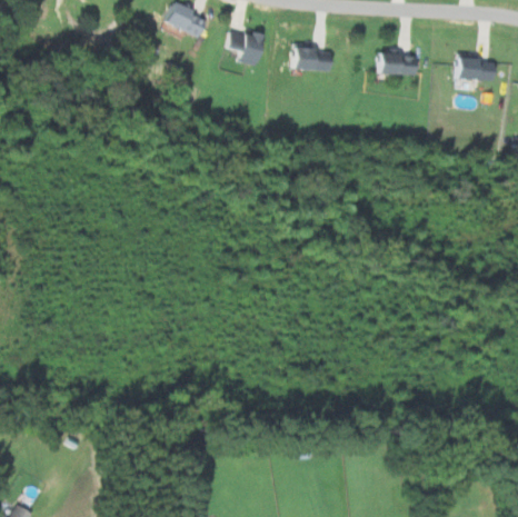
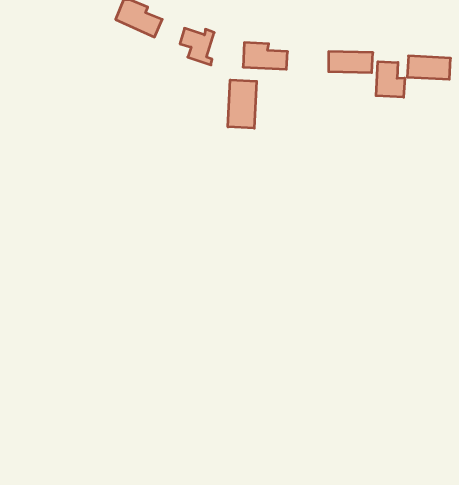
building: none -> [376,62,405,97]
building: none -> [228,80,257,128]

